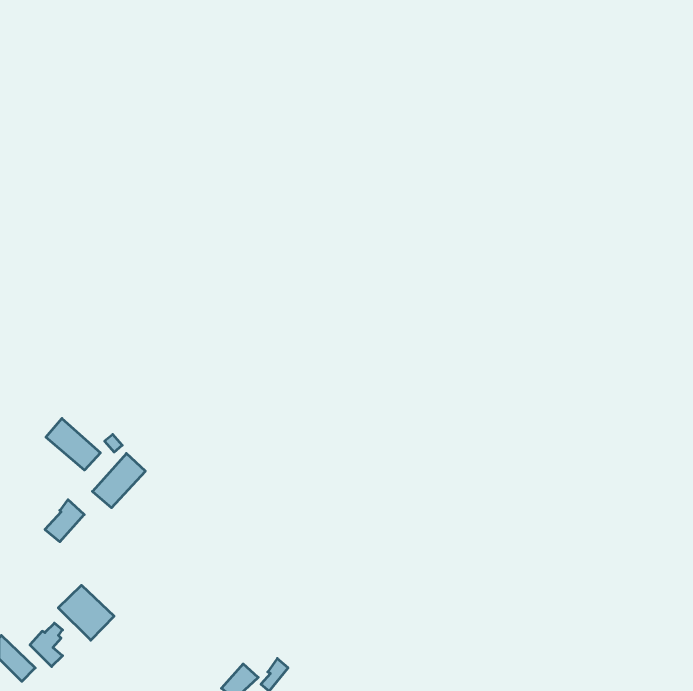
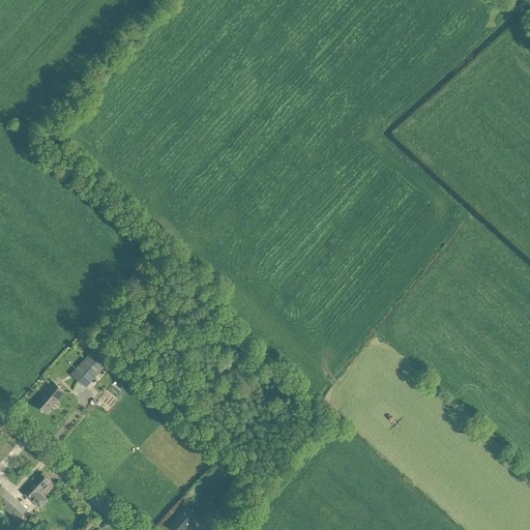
building: [46,418,100,470] -> none
building: [58,585,114,640] -> none

